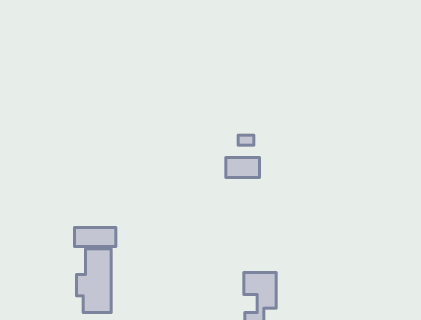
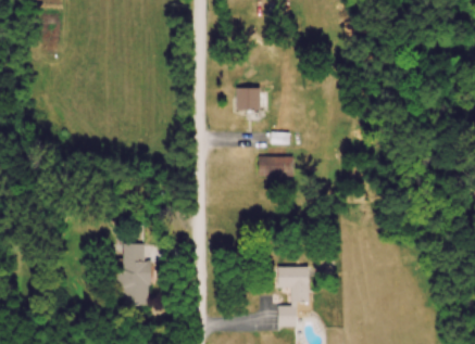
building: none -> [236,87,262,111]
building: [75,227,116,246] -> none

